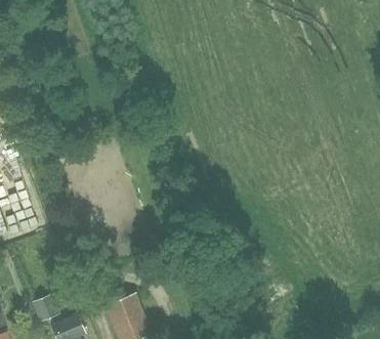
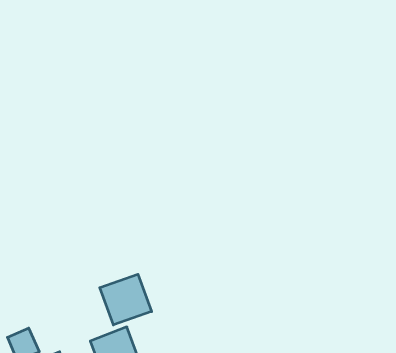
building: none -> [100,274,152,325]

